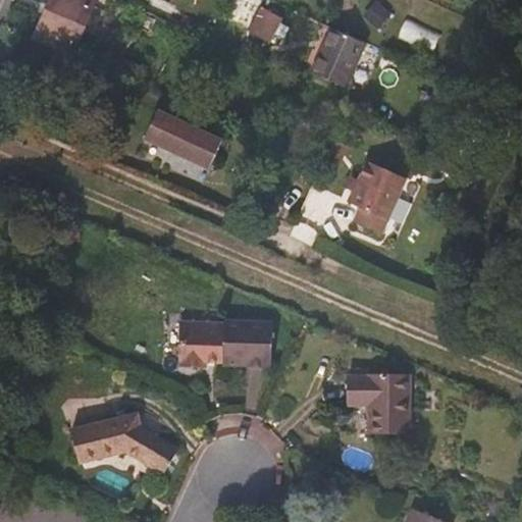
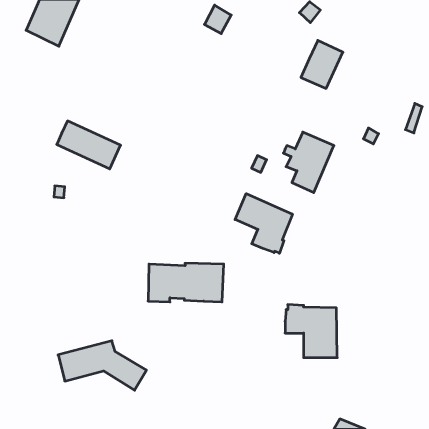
building: [312,28,363,86] -> [301,40,343,88]
building: [144,110,221,168] -> [57,121,121,169]
building: none -> [235,194,292,253]

